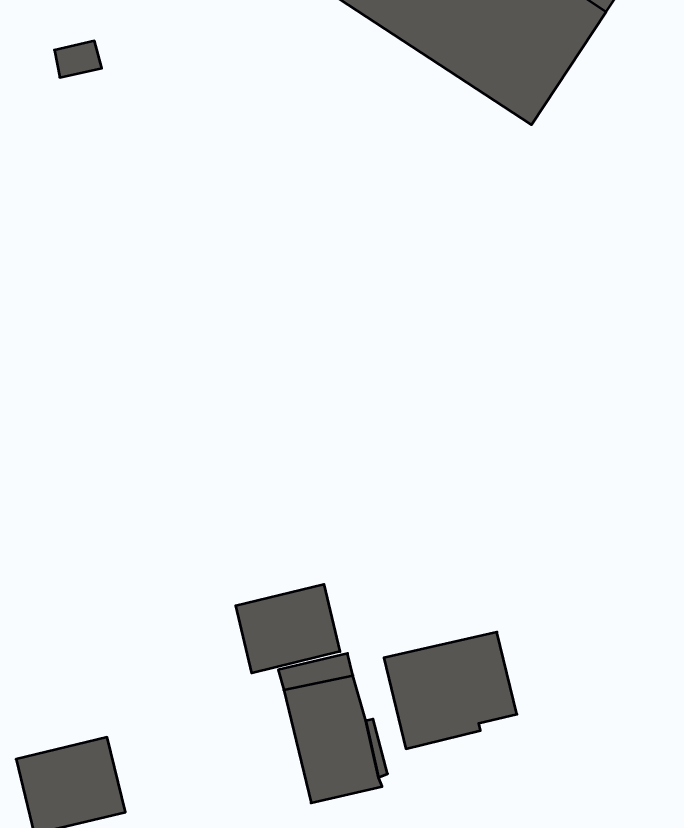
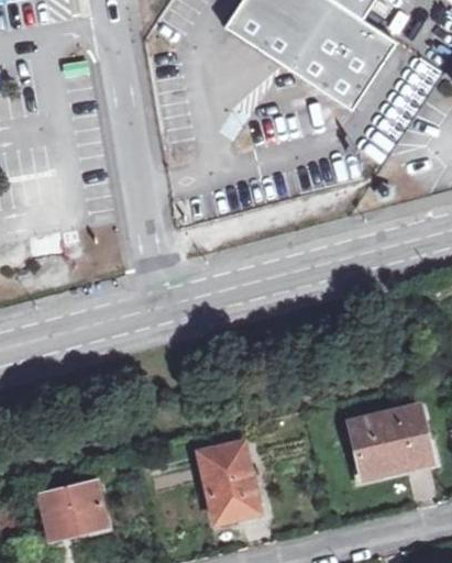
building: [236,584,340,673] -> none
building: [384,632,517,749] -> [352,407,432,477]

